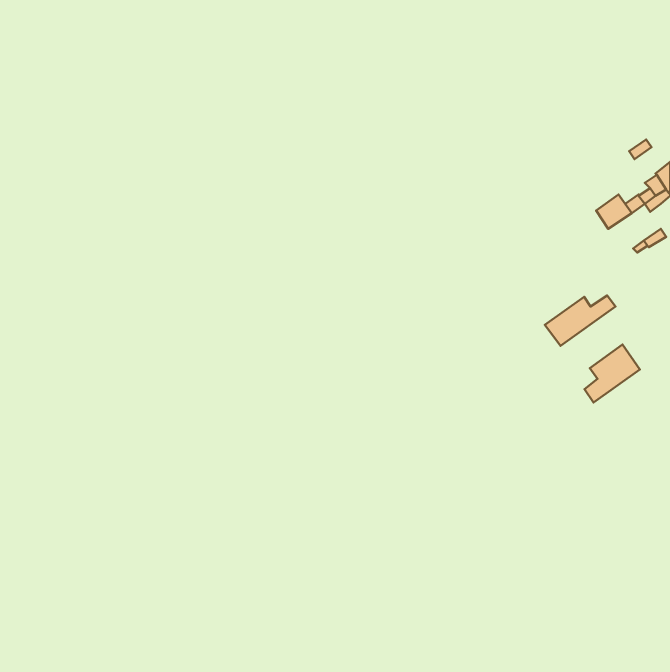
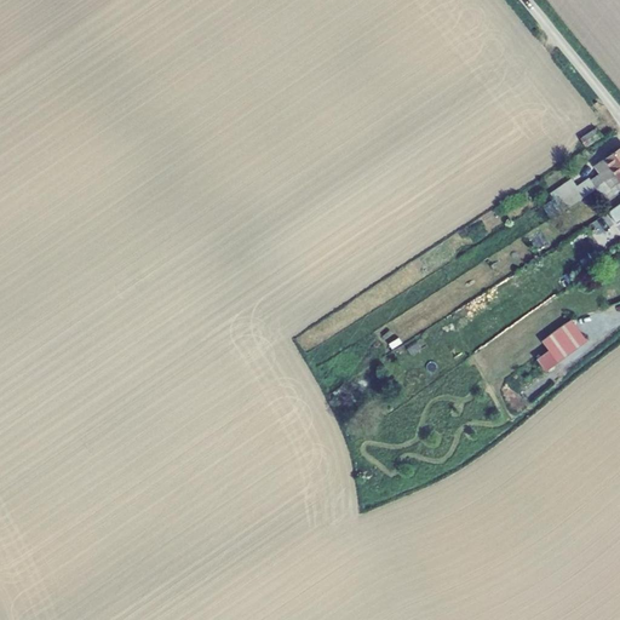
building: [545,295,615,346] -> none

